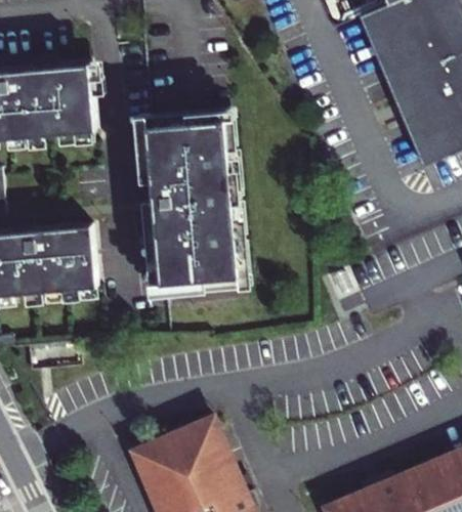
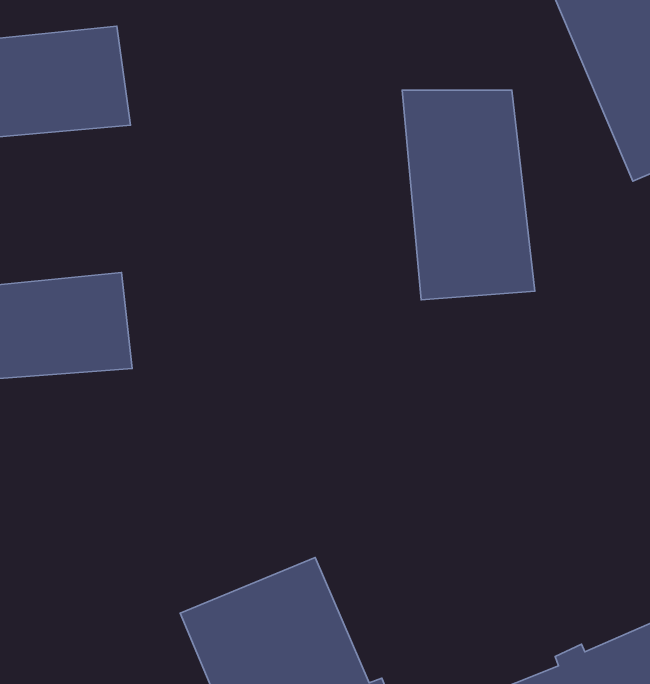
building: none -> [402,90,535,300]
building: [149,119,242,296] -> none

